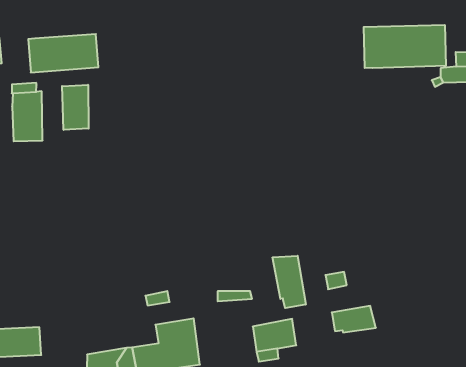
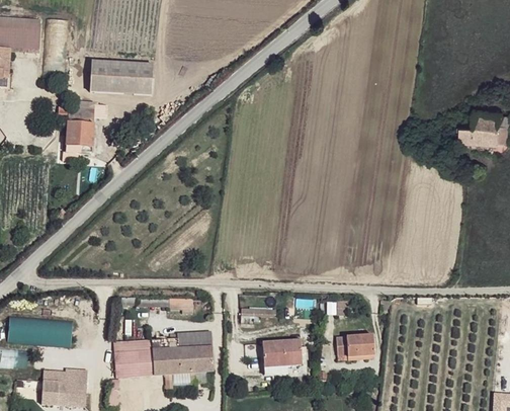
building: [364,25,446,68] -> none
building: [62,85,89,130] -> none
building: [273,256,306,308] -> none

